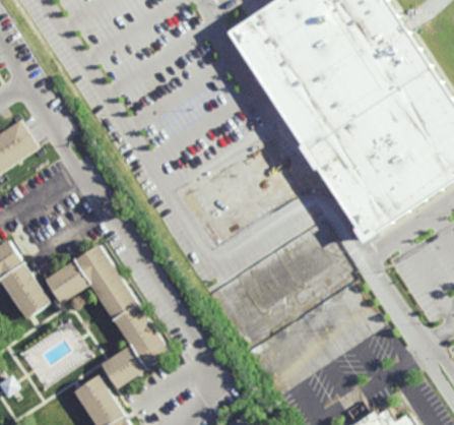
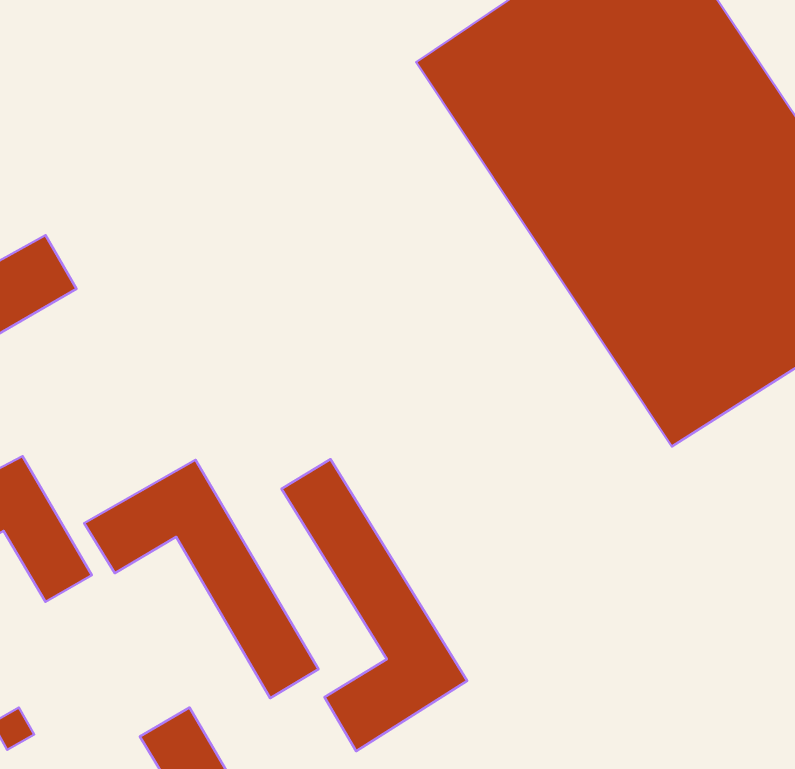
building: none -> [281,459,467,751]
building: [102,346,146,389] -> none

